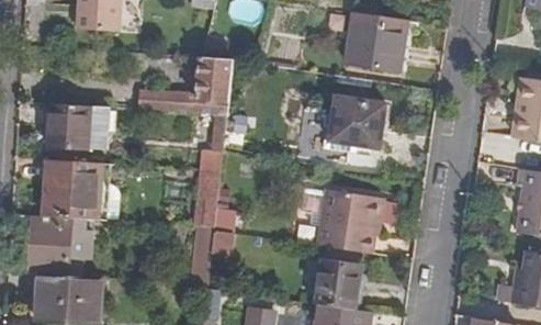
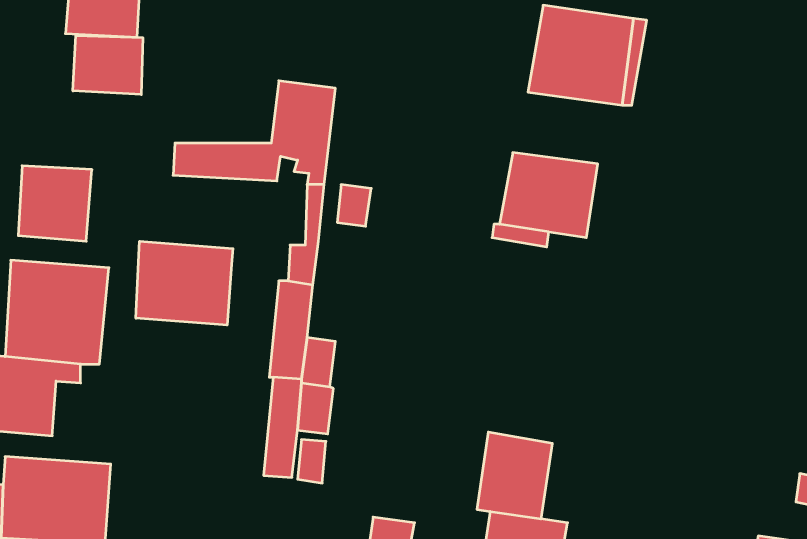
building: none -> [73,35,143,95]
building: none -> [136,241,233,325]
building: [316,189,381,253] -> none

